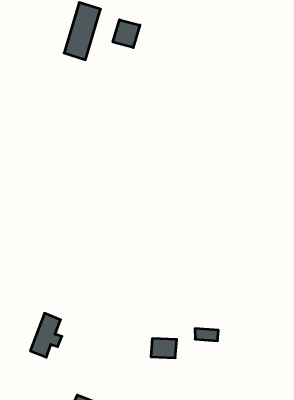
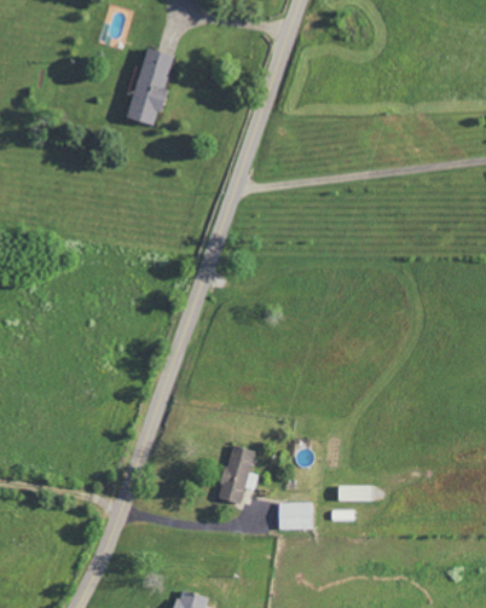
building: [113,20,140,48] -> none
building: [30,313,62,357] -> [216,445,259,505]

